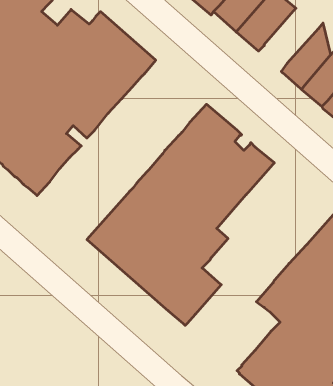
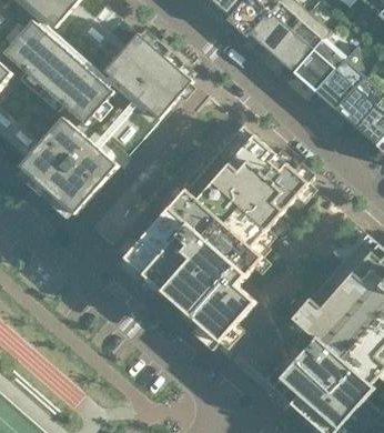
building: none -> [292,31,351,93]

